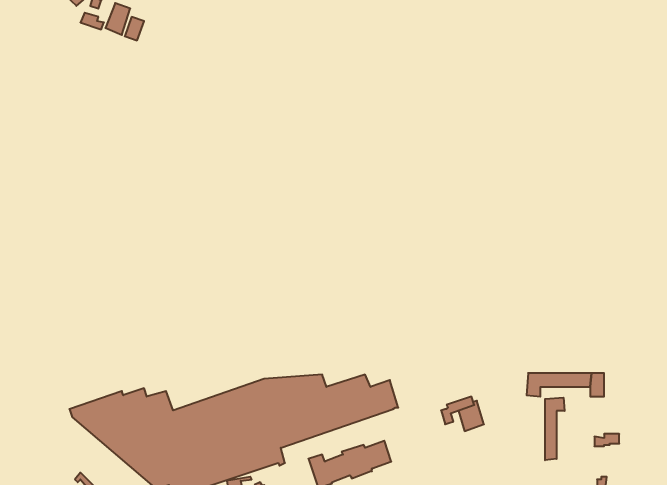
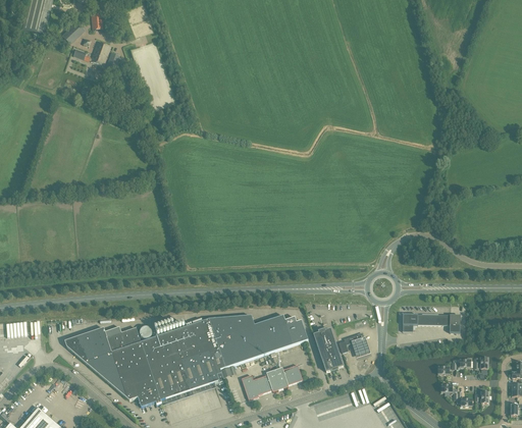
building: none -> [313,328,343,371]
building: [545,398,565,460] -> none

